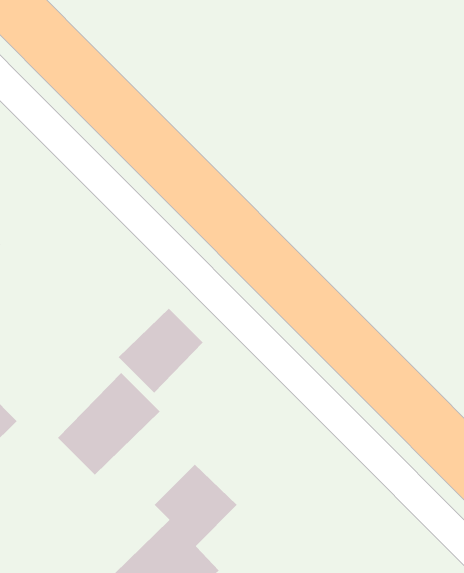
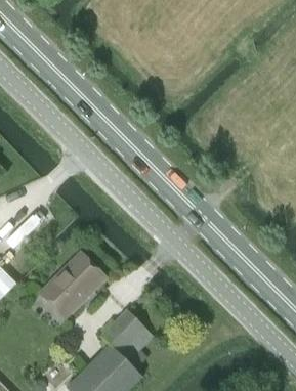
building: [118,308,203,393] -> none

